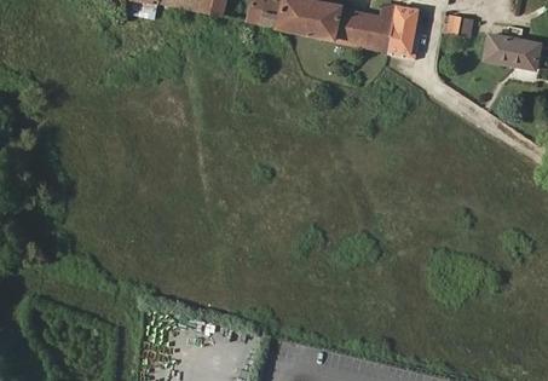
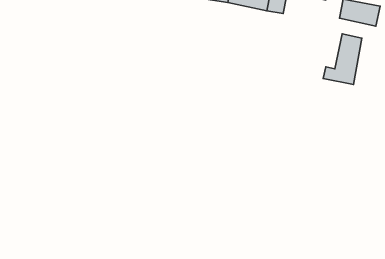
building: none -> [323,34,362,84]

